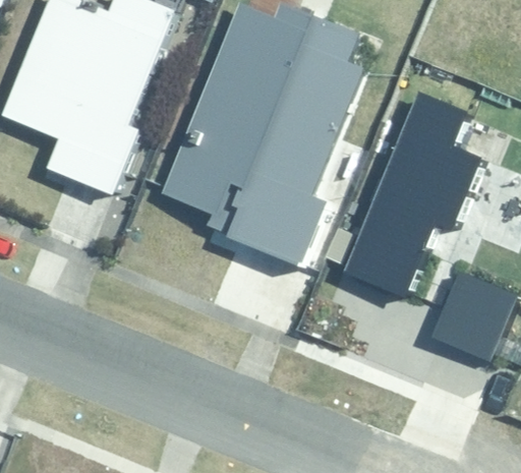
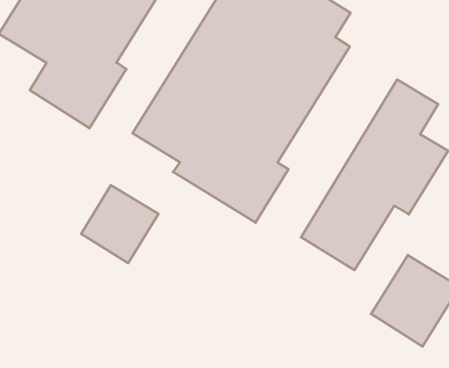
building: none -> [81,185,158,263]

